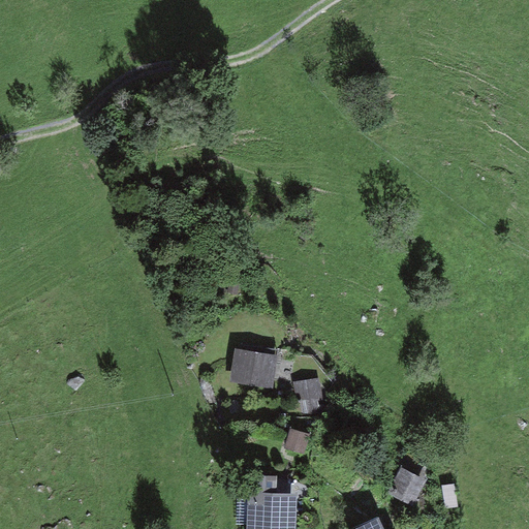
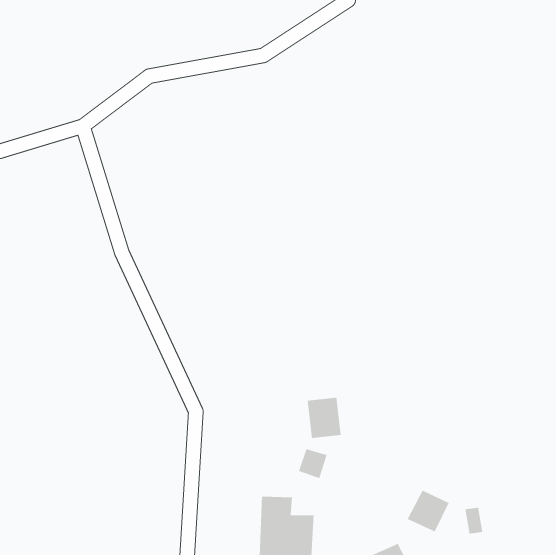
building: [230,347,279,387] -> none

